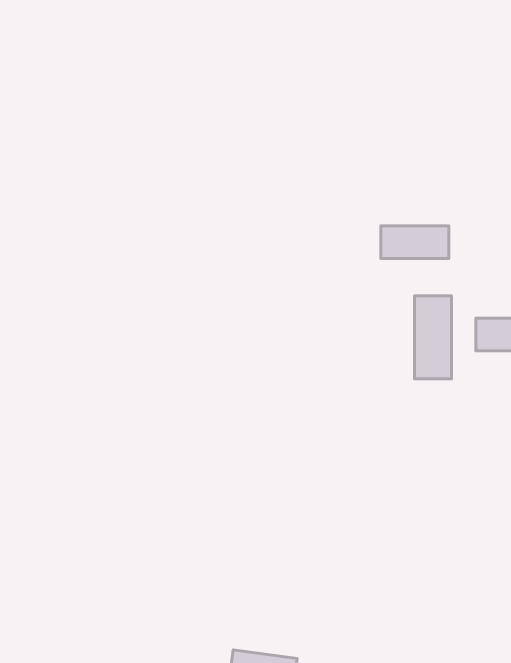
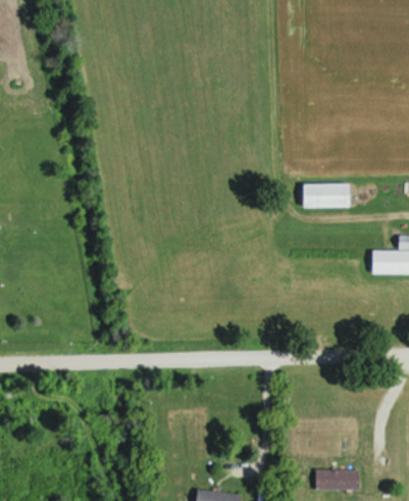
building: [414,296,452,379] -> none
building: none -> [315,470,361,490]

